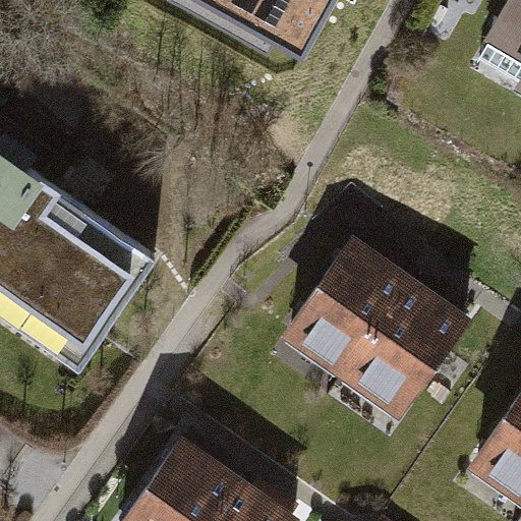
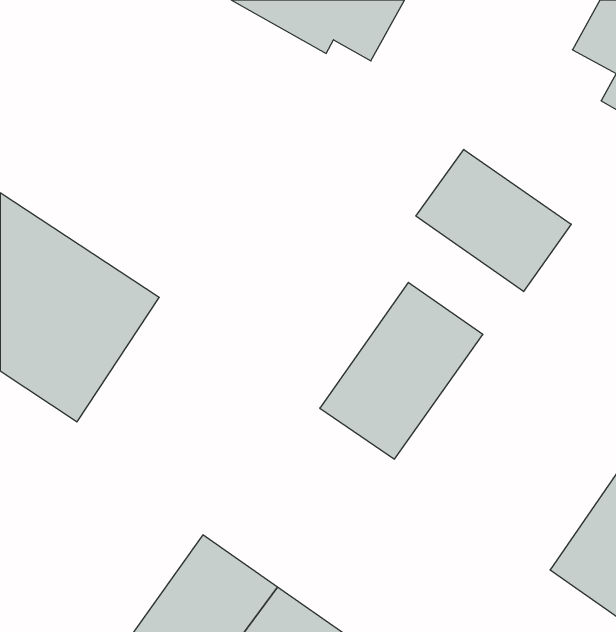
building: none -> [416,149,571,292]
building: [339,277,471,421] -> none

